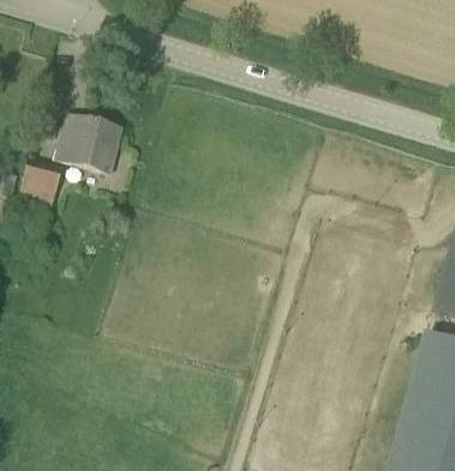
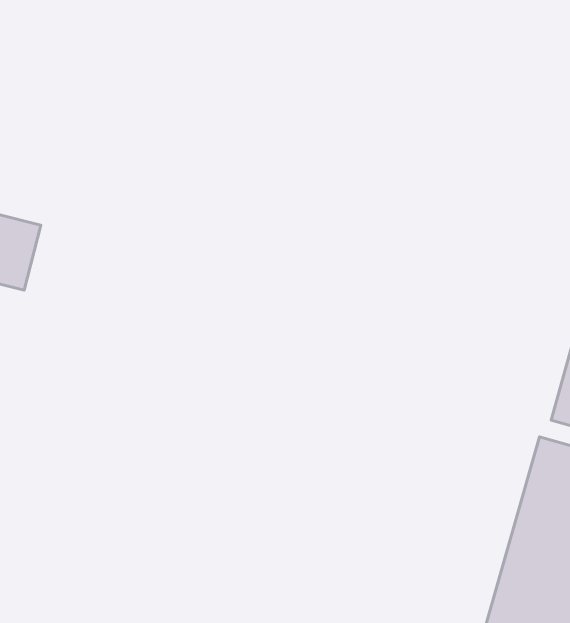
building: [62,115,127,173] -> none

